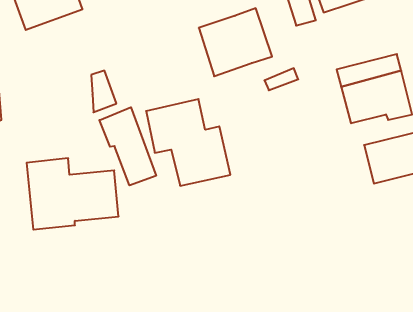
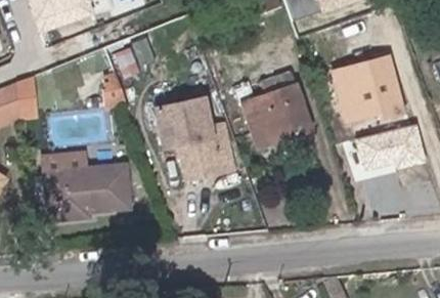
building: [199,8,272,76] -> [243,83,311,146]
building: [99,107,156,185] -> none

